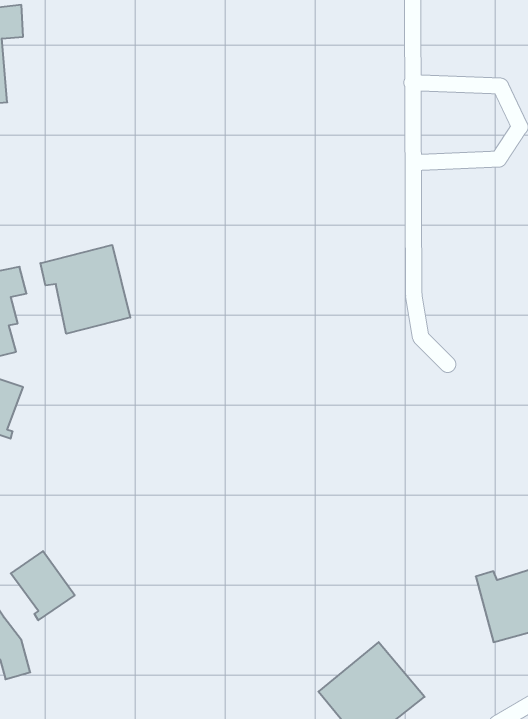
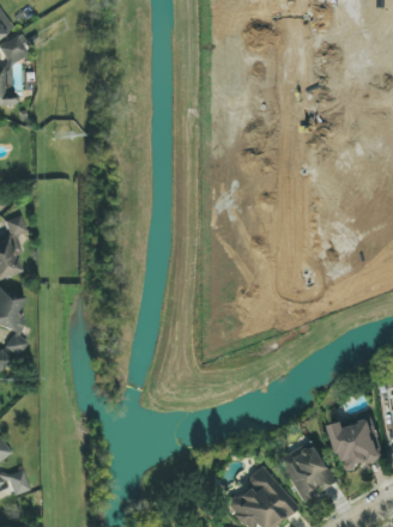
building: [40,245,130,334] -> none
building: [11,551,75,620] -> none
building: none -> [278,442,337,502]

